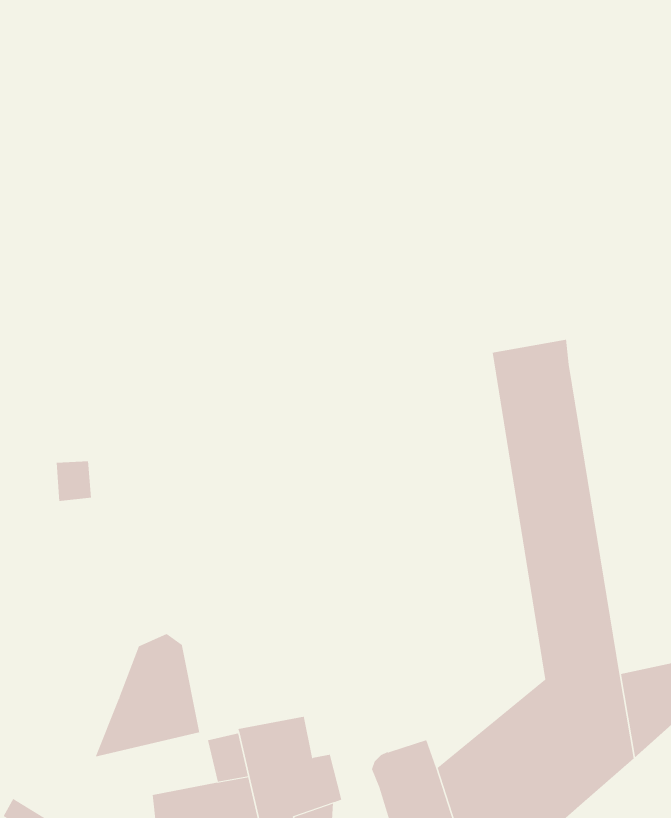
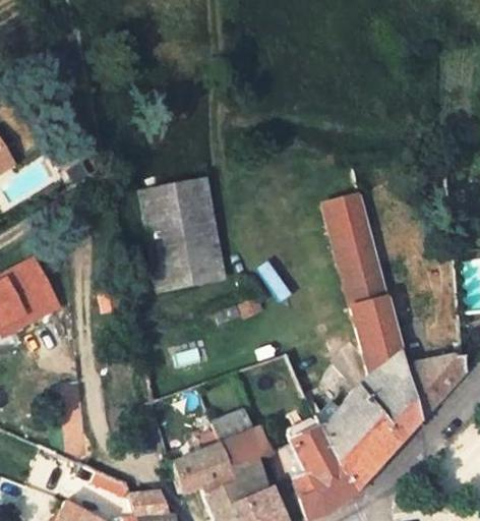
building: none -> [139,179,228,292]
building: [95,633,200,758] -> none

